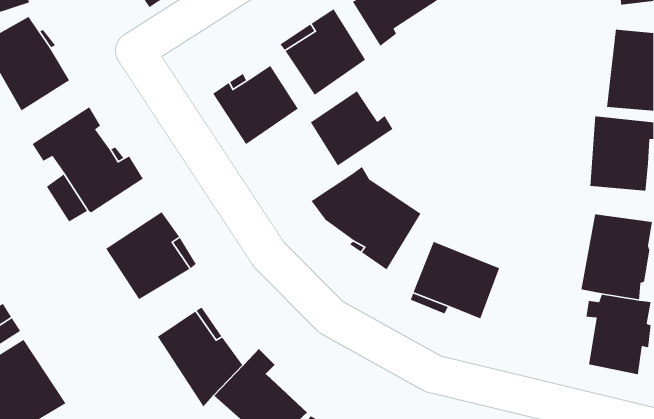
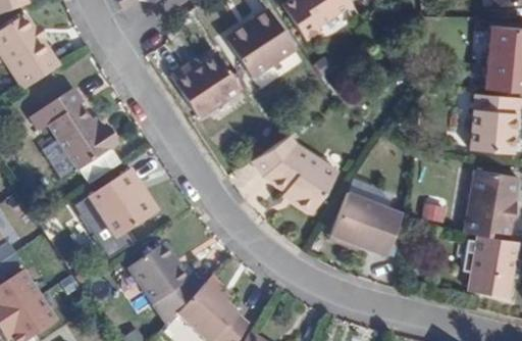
building: [310,90,394,167] -> none

